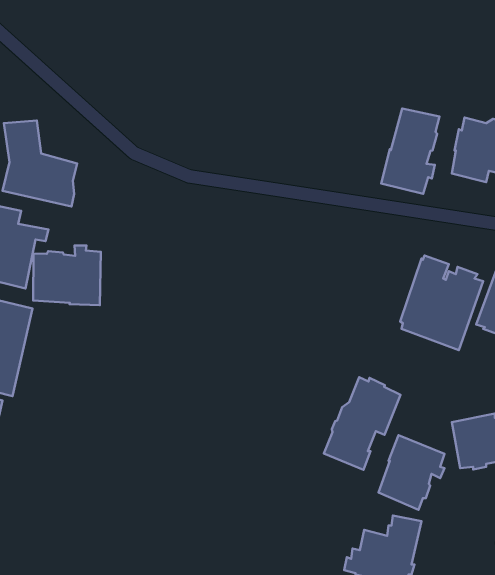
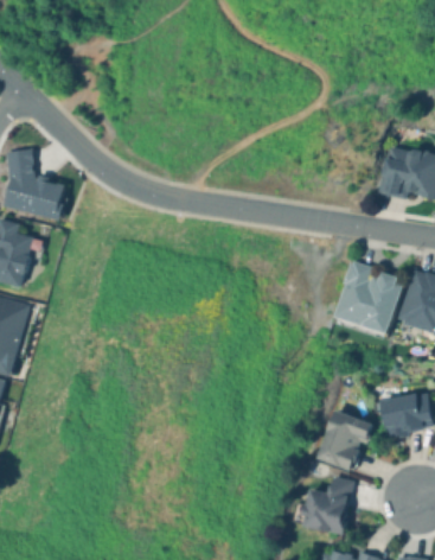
building: [381,109,439,194] -> none
building: [33,245,101,305] -> none
building: [324,377,400,470] -> none

